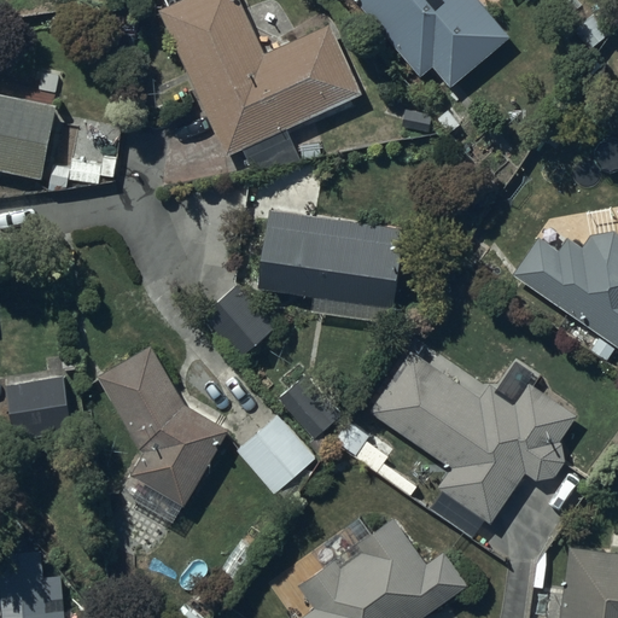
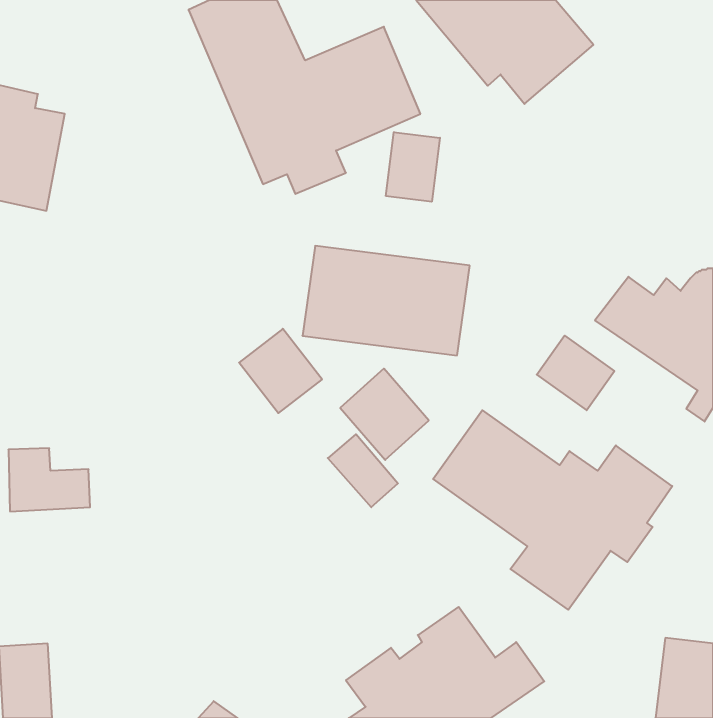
building: none -> [386,132,440,202]
building: none -> [537,336,614,410]
building: [106,350,227,523] -> none
building: [240,414,316,492] -> [340,369,429,460]

